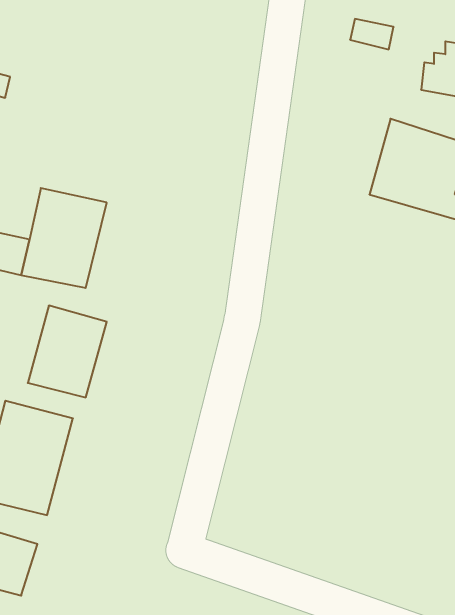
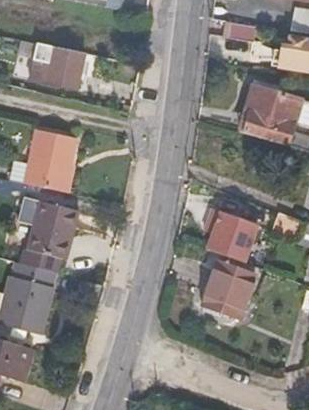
building: none -> [18,39,85,88]
building: none -> [206,204,259,253]
building: none -> [202,261,256,318]

